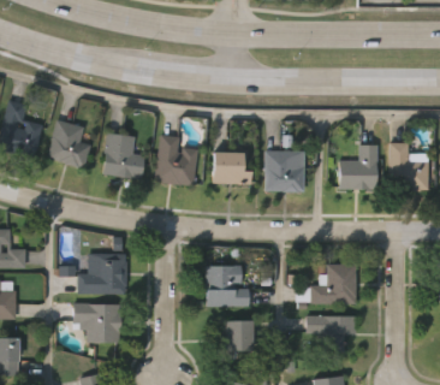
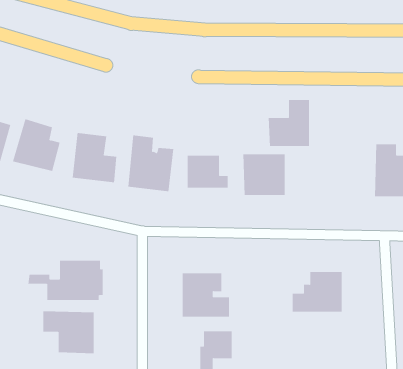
building: [339,144,379,189] -> [268,100,310,146]
building: [308,314,358,350] -> none

